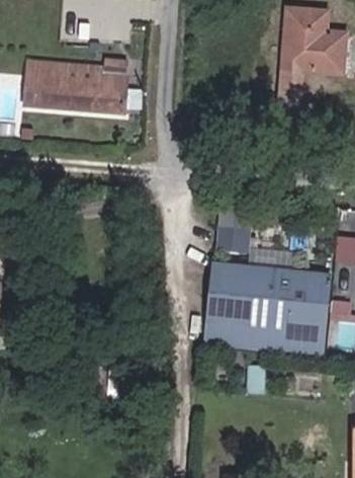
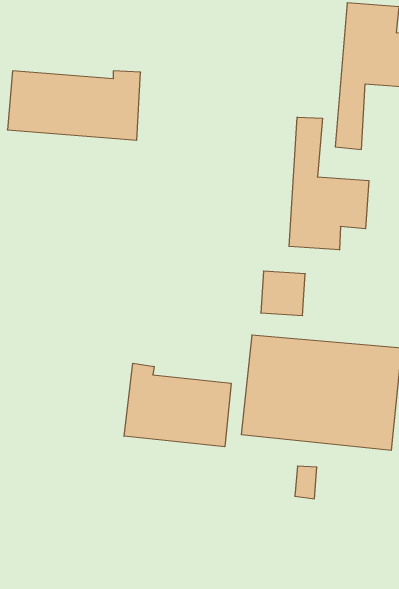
building: none -> [289,117,369,250]
building: none -> [124,363,231,447]

